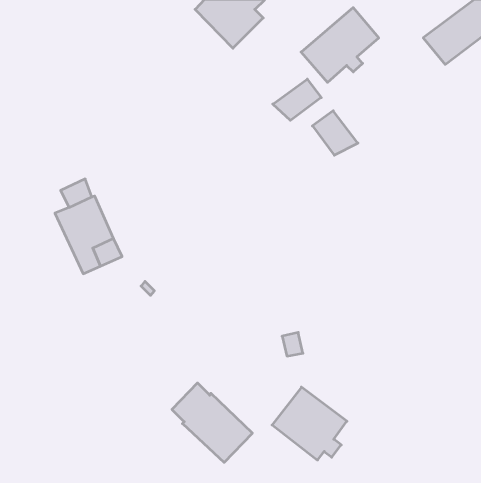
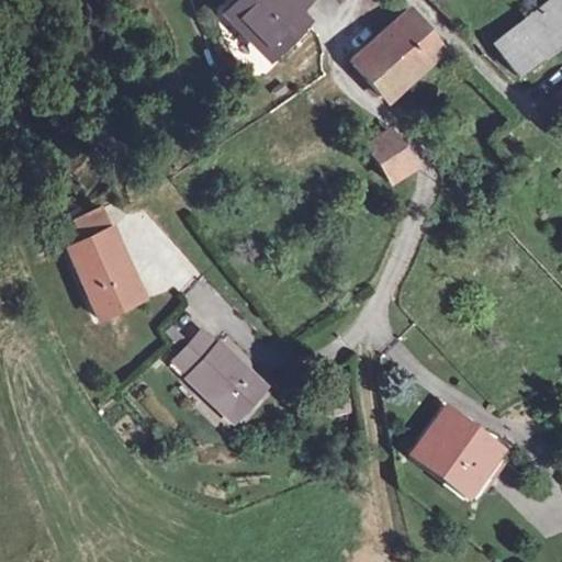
building: [273,79,321,120] -> none
building: [172,383,252,462] -> [175,329,268,422]
building: [272,387,347,460] -> [413,408,499,493]

